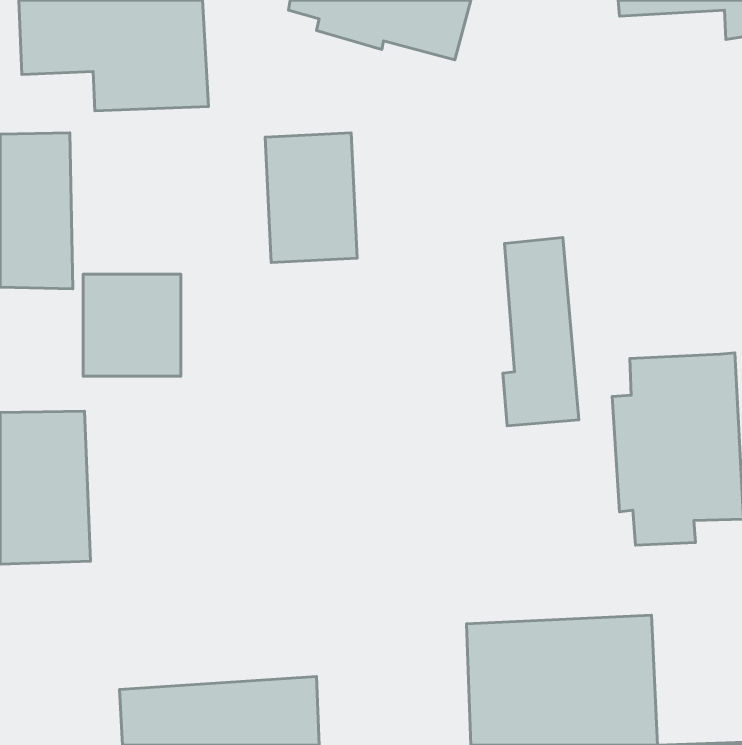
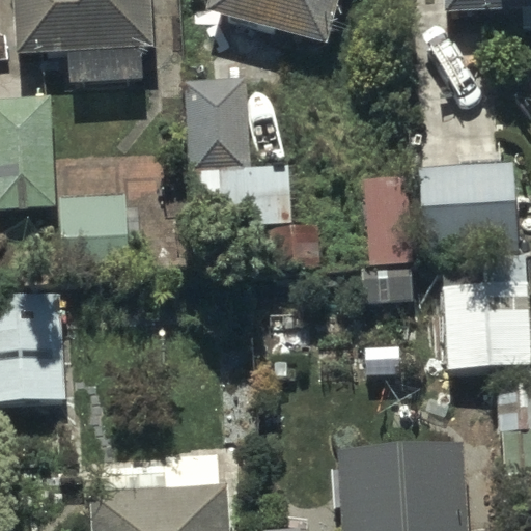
building: none -> [418,153,514,256]

